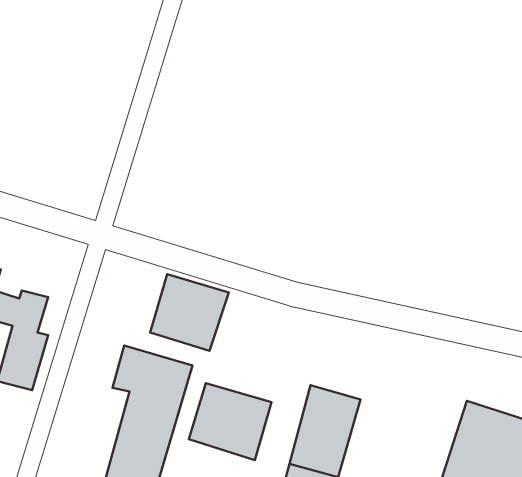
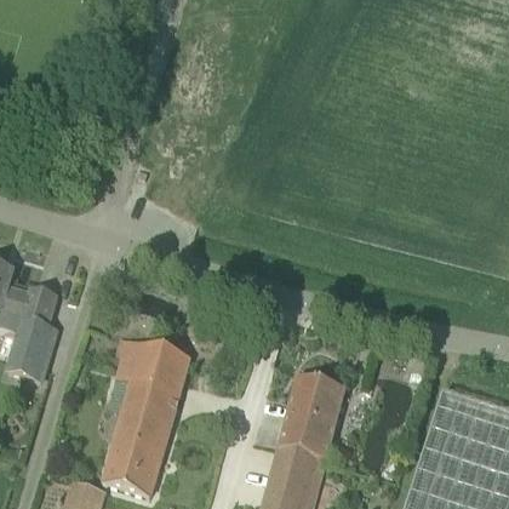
building: [150,274,229,351] -> none
building: [189,383,272,460] -> none

